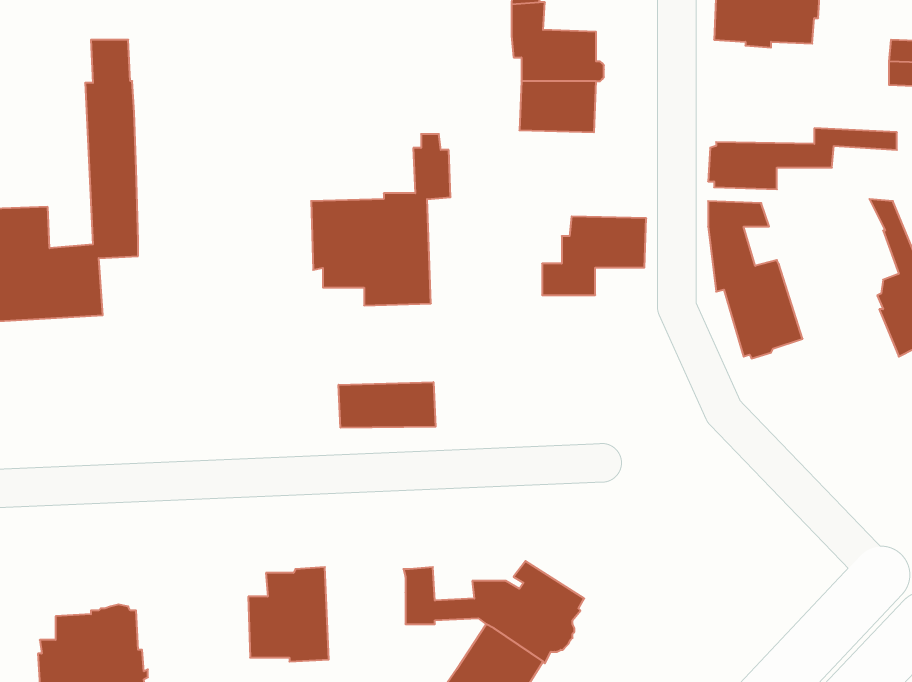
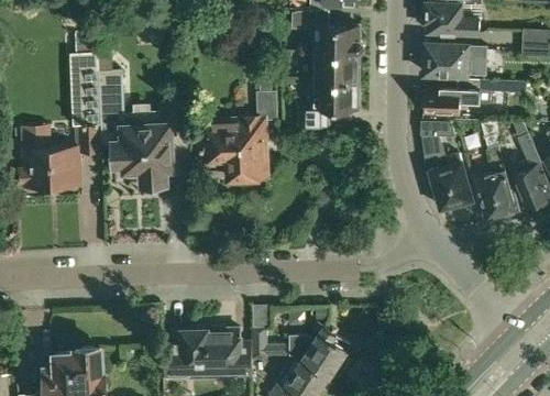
building: none -> [422,46,487,77]
building: none -> [99,72,184,183]
building: none -> [475,121,517,223]
building: [542,216,646,295] -> [298,83,356,127]
building: [339,382,436,428] -> none
building: none -> [206,327,252,378]

